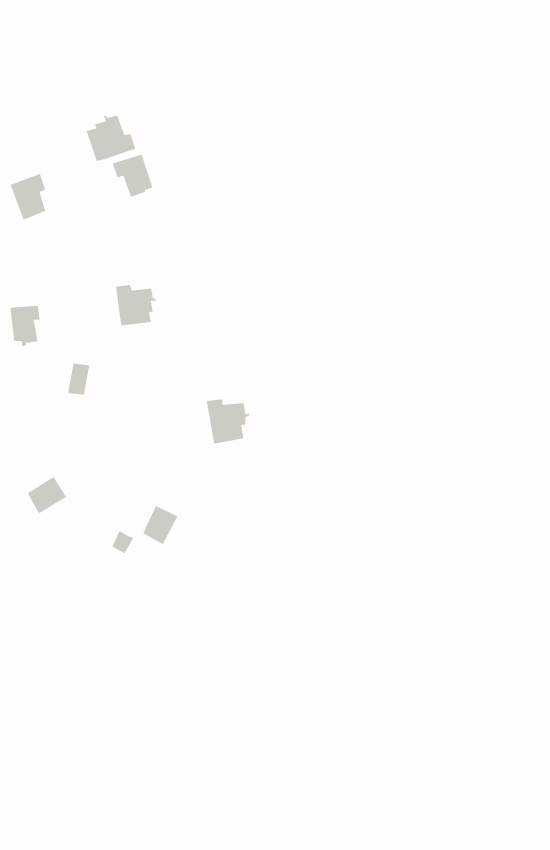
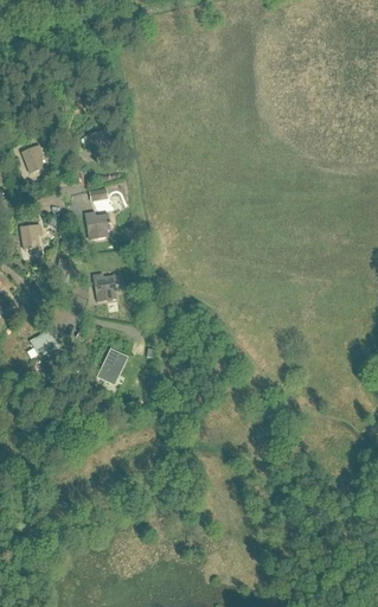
building: [86,115,136,162] -> none
building: [206,399,250,445] -> [91,274,118,302]

